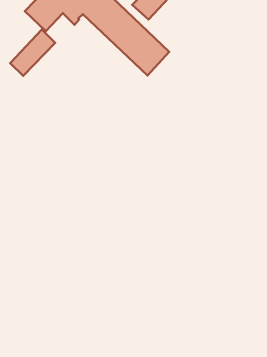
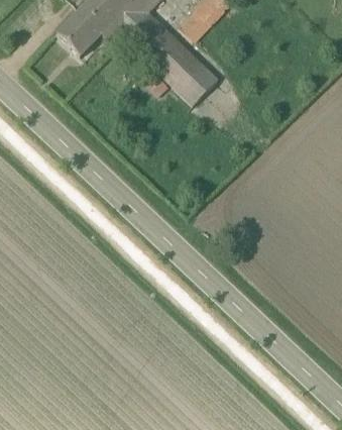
building: [10,30,55,76] -> none

